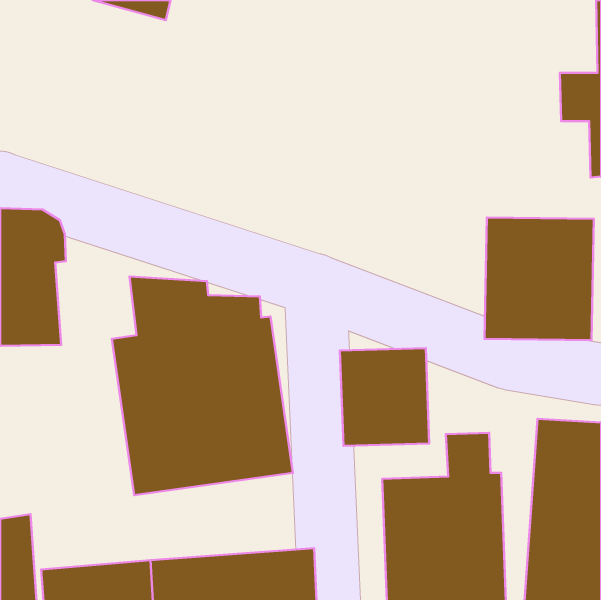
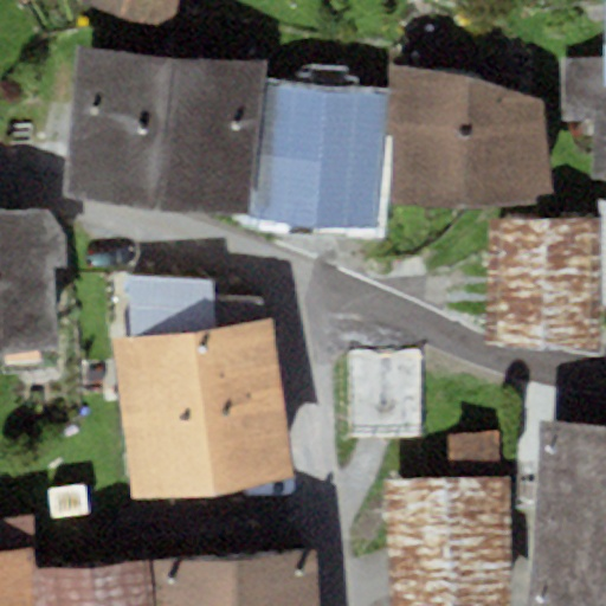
building: none -> [63,46,262,215]
building: none -> [389,67,550,206]
building: none -> [256,84,383,228]

